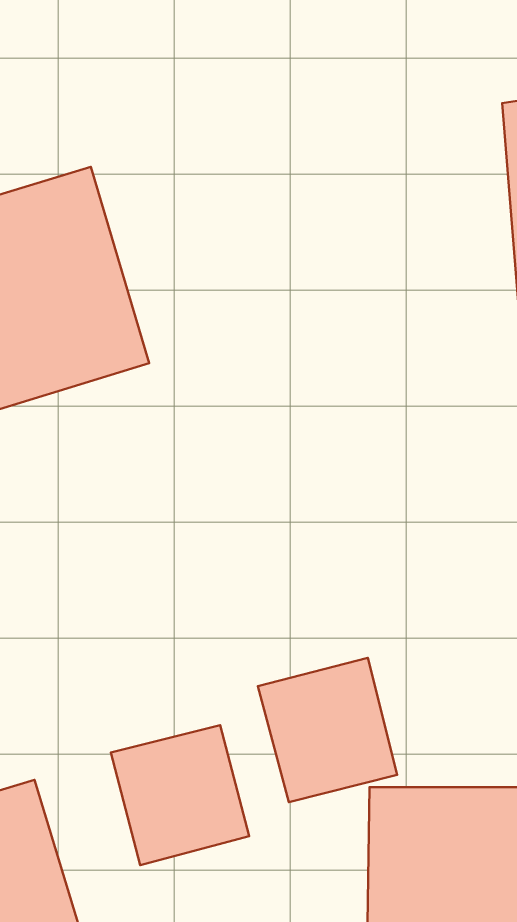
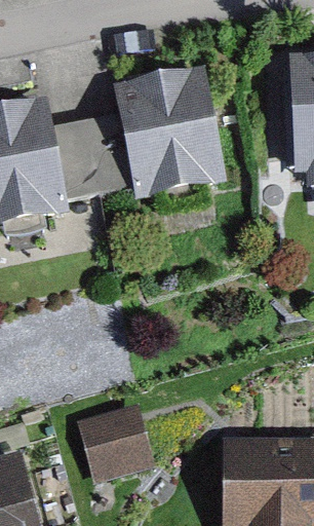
building: none -> [123,70,242,197]
building: [258,658,397,802] -> none

